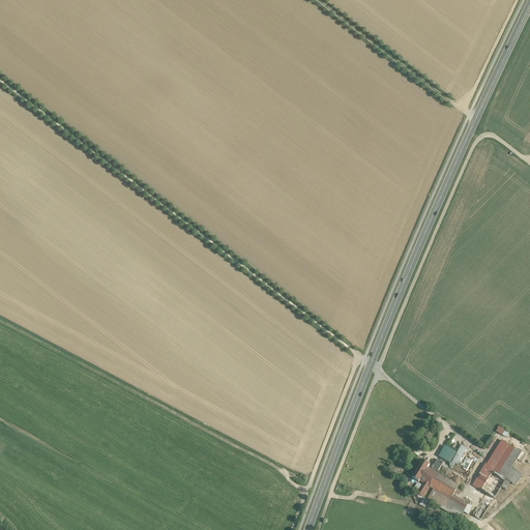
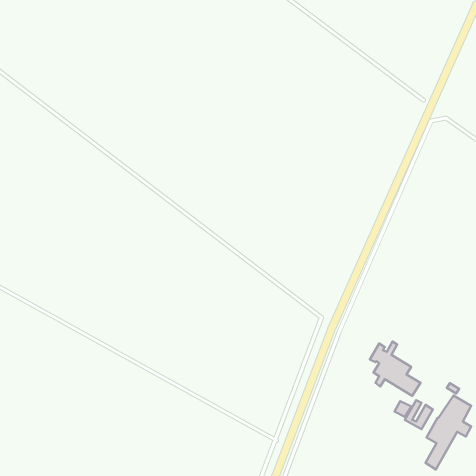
building: [410,457,466,517] -> [370,342,420,396]

